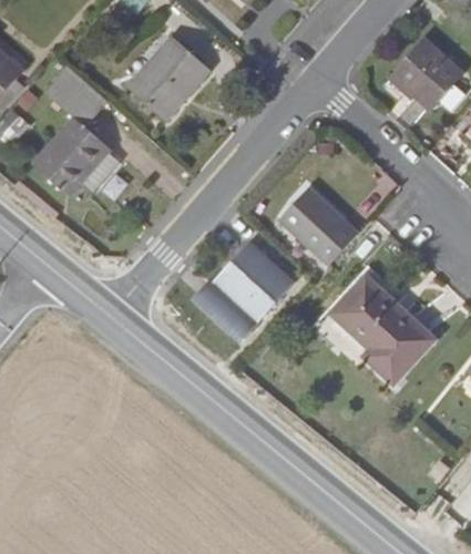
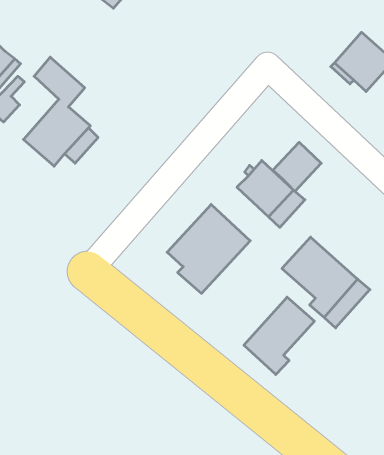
building: [127,37,208,119] -> none
building: none -> [273,142,321,191]
building: none -> [244,297,314,375]

